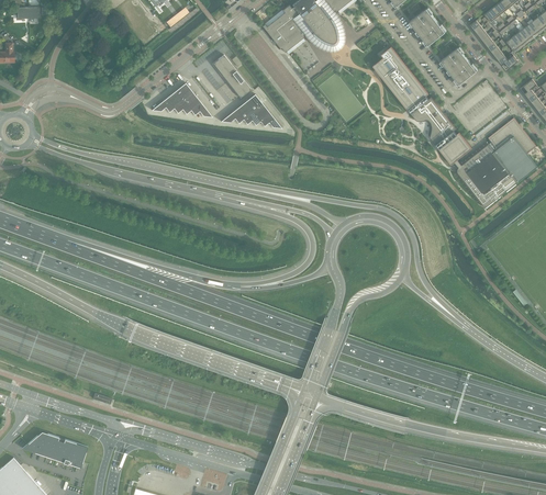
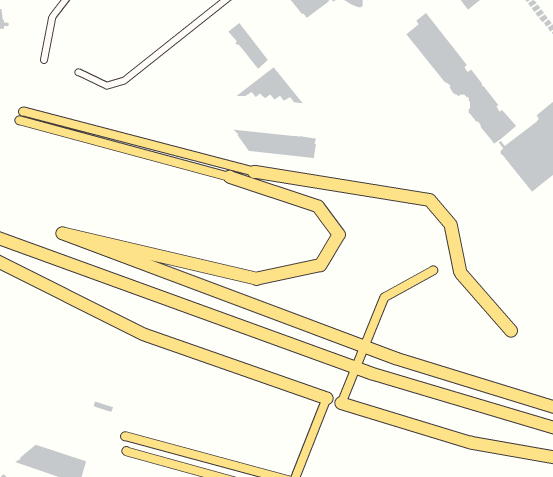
building: [441,48,476,85] -> none
building: [149,82,212,117] -> none
building: none -> [232,129,317,159]

